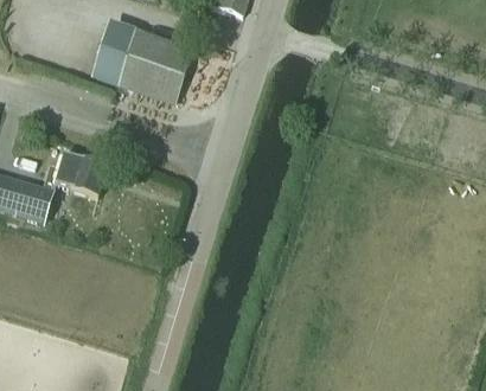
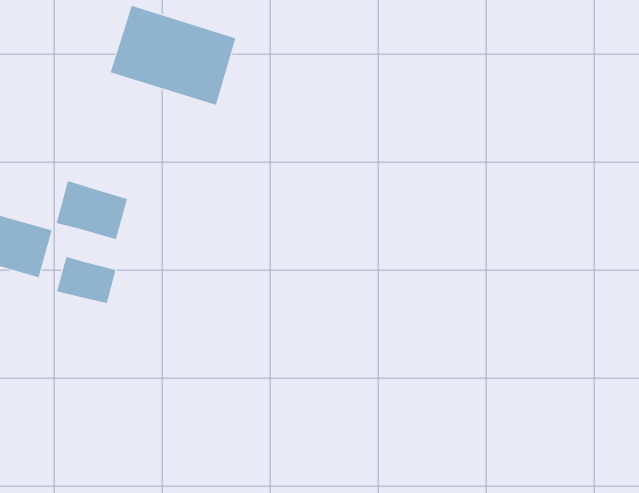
building: none -> [57,256,116,304]

